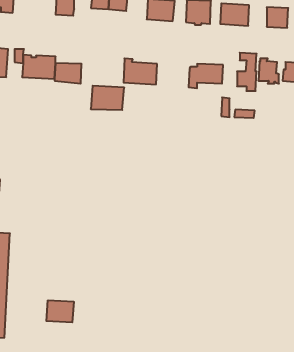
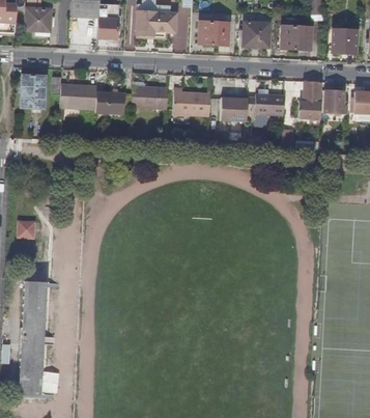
building: none -> [220,97,247,120]
building: [91,86,124,110] -> [132,83,169,110]
building: [46,300,74,322] -> none

